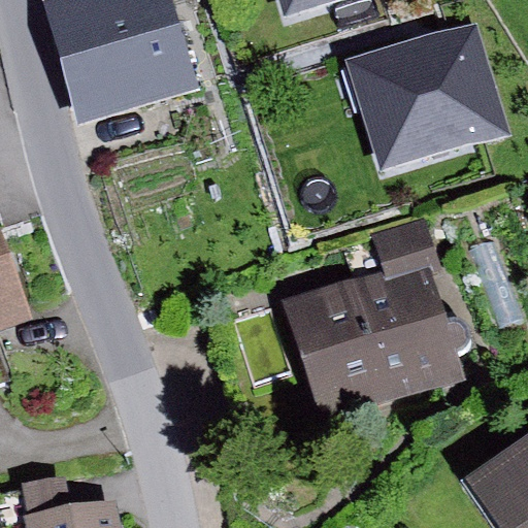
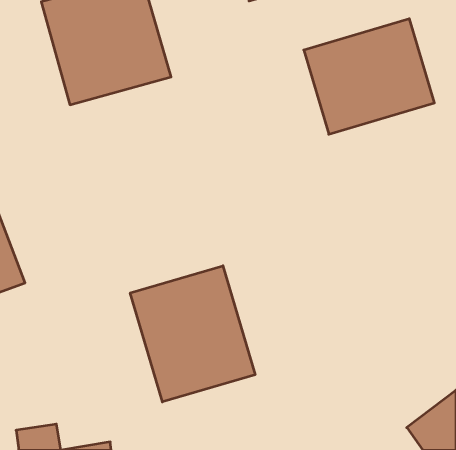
building: [291,223,459,421] -> none
building: none -> [130,266,255,402]

